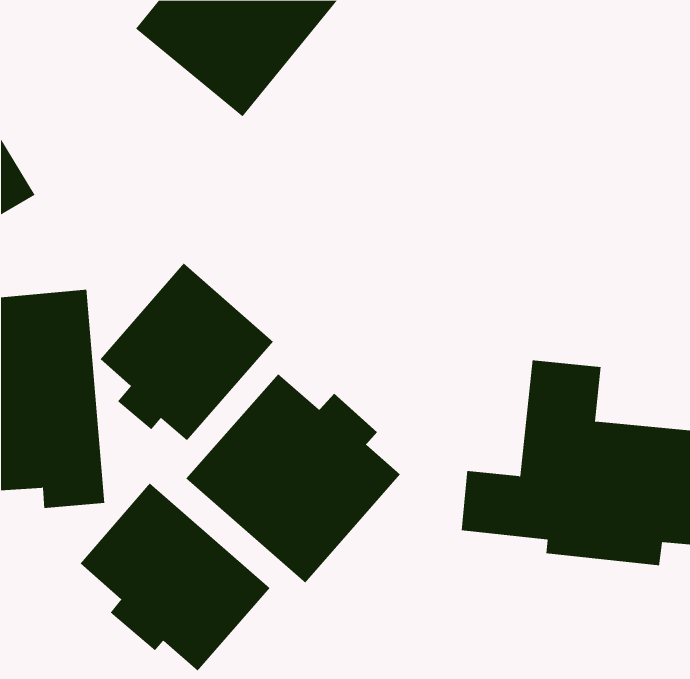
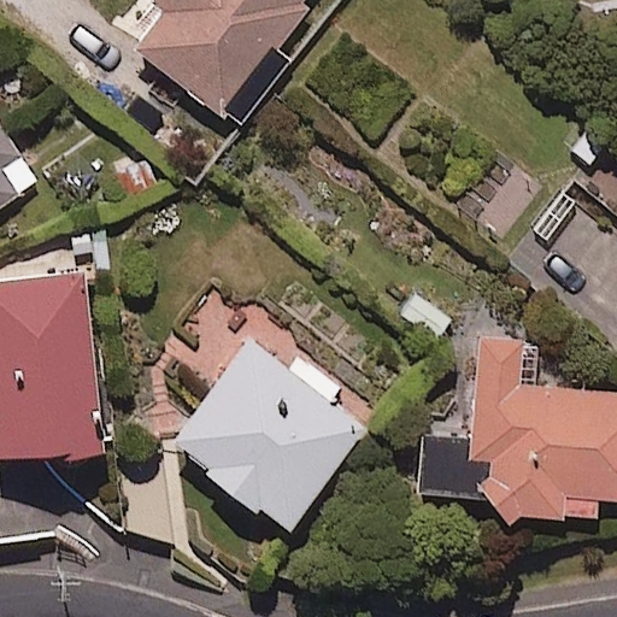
building: [100,263,274,441] -> none
building: [80,482,271,672] -> none

